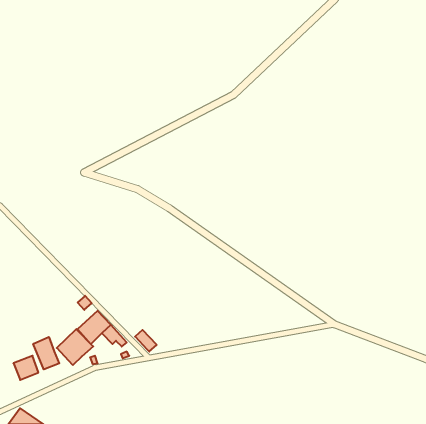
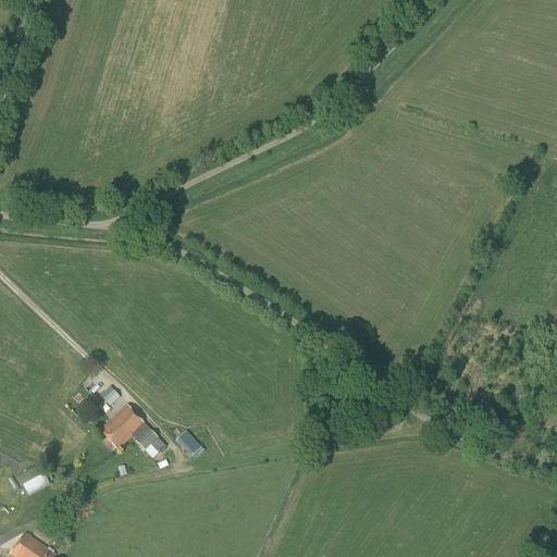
building: [57,329,93,365] -> none
building: [33,337,59,369] -> none

